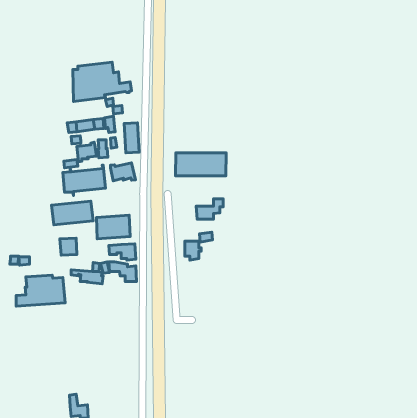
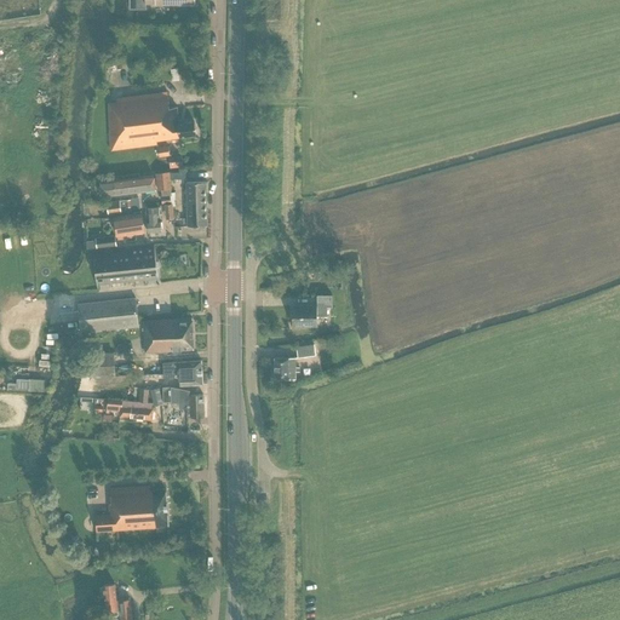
building: [175,153,226,176] -> none
building: [111,163,136,181] -> none
building: [16,275,65,306] -> [94,486,167,532]

